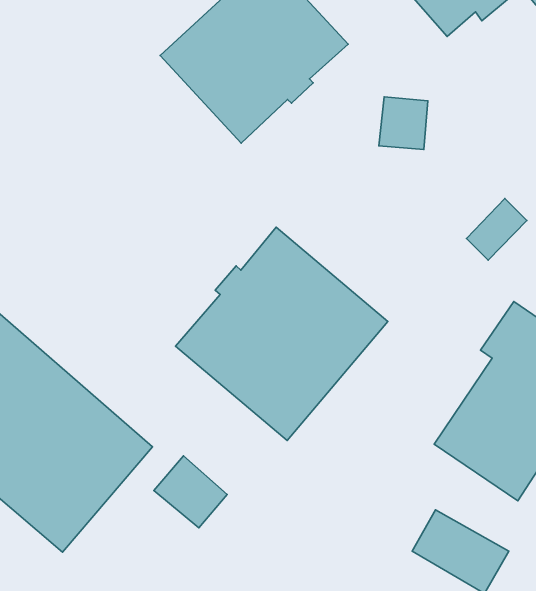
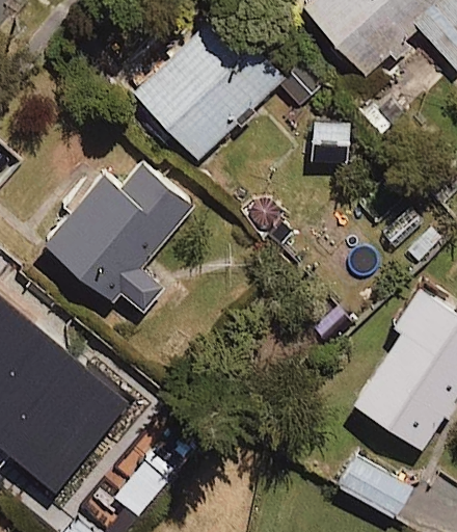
building: none -> [42,164,192,315]
building: [175,227,388,441] -> none

